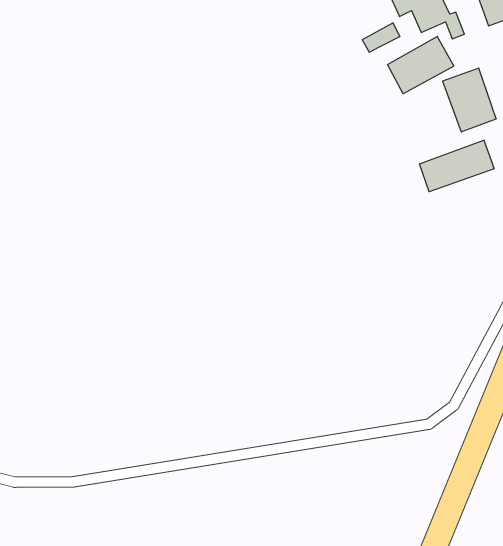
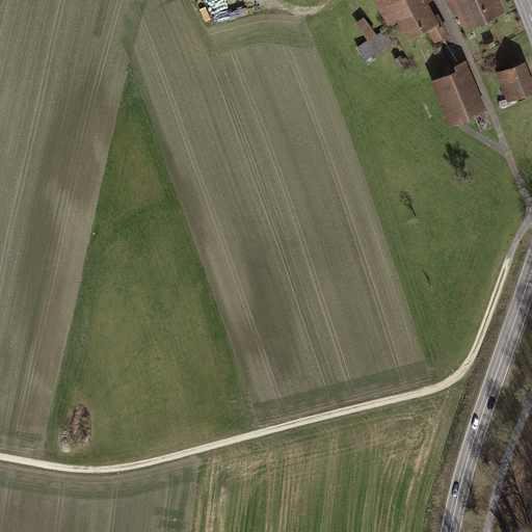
building: [388,36,454,94] -> none
building: [420,140,494,192] -> none

